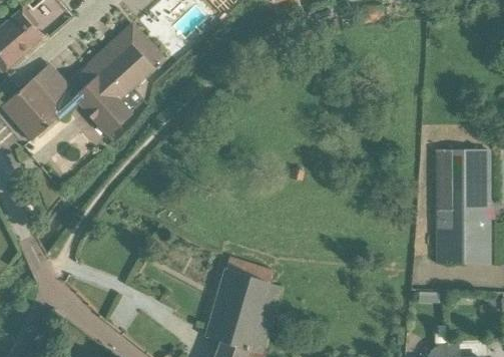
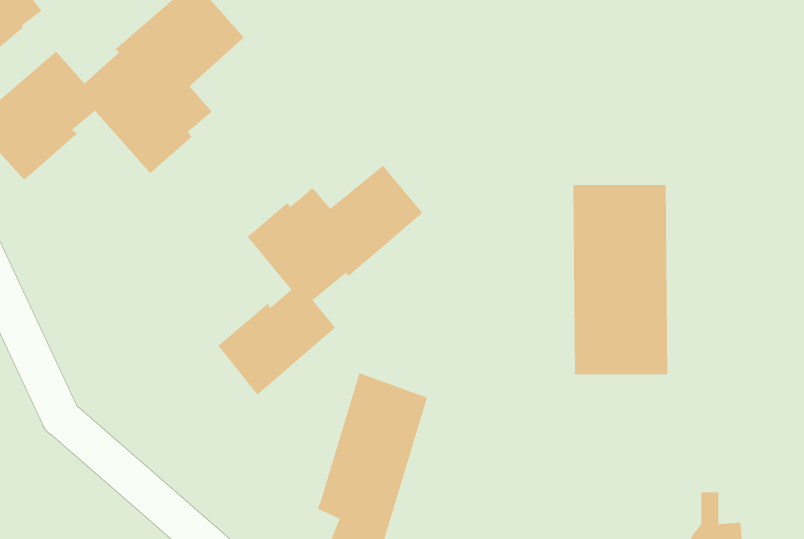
building: none -> [217,165,423,395]
building: [435,151,492,265] -> [572,185,668,375]

